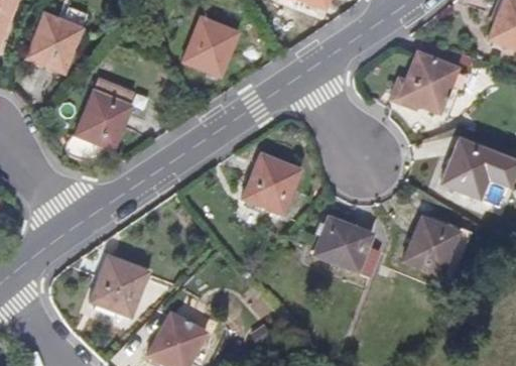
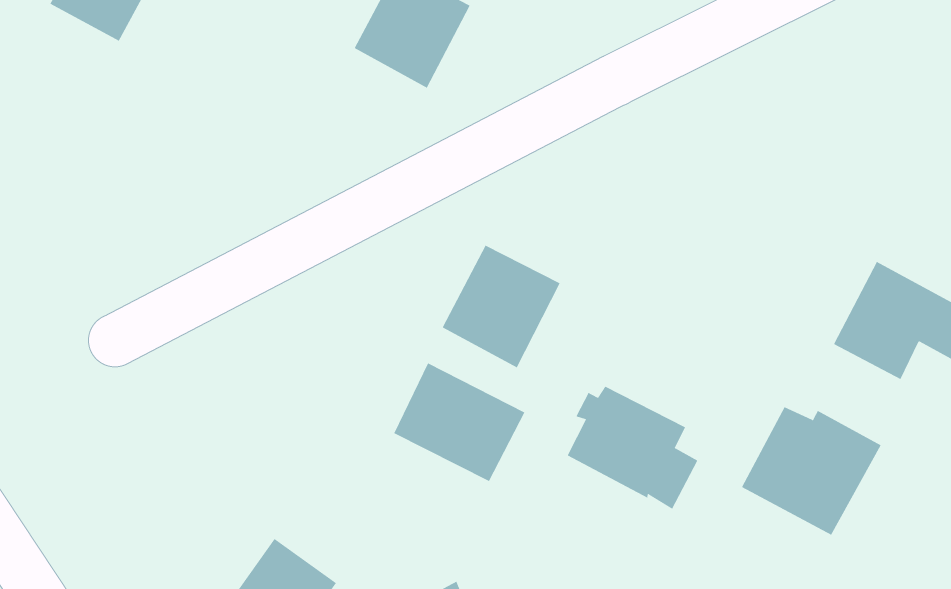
building: [389,38,474,117] -> none
building: [76,91,131,149] -> none
building: none -> [394,362,525,482]
building: [90,256,148,317] -> none

